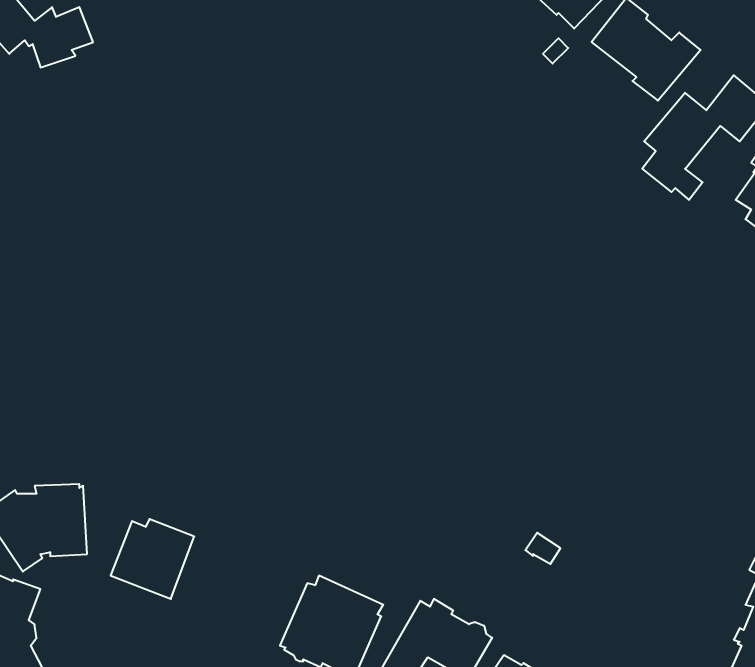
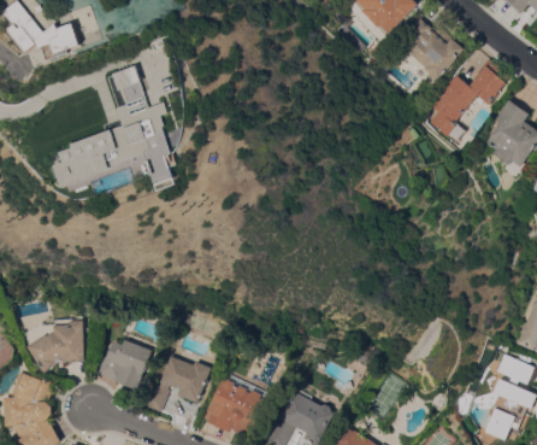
building: none -> [64,65,188,193]
building: none -> [142,346,211,411]

